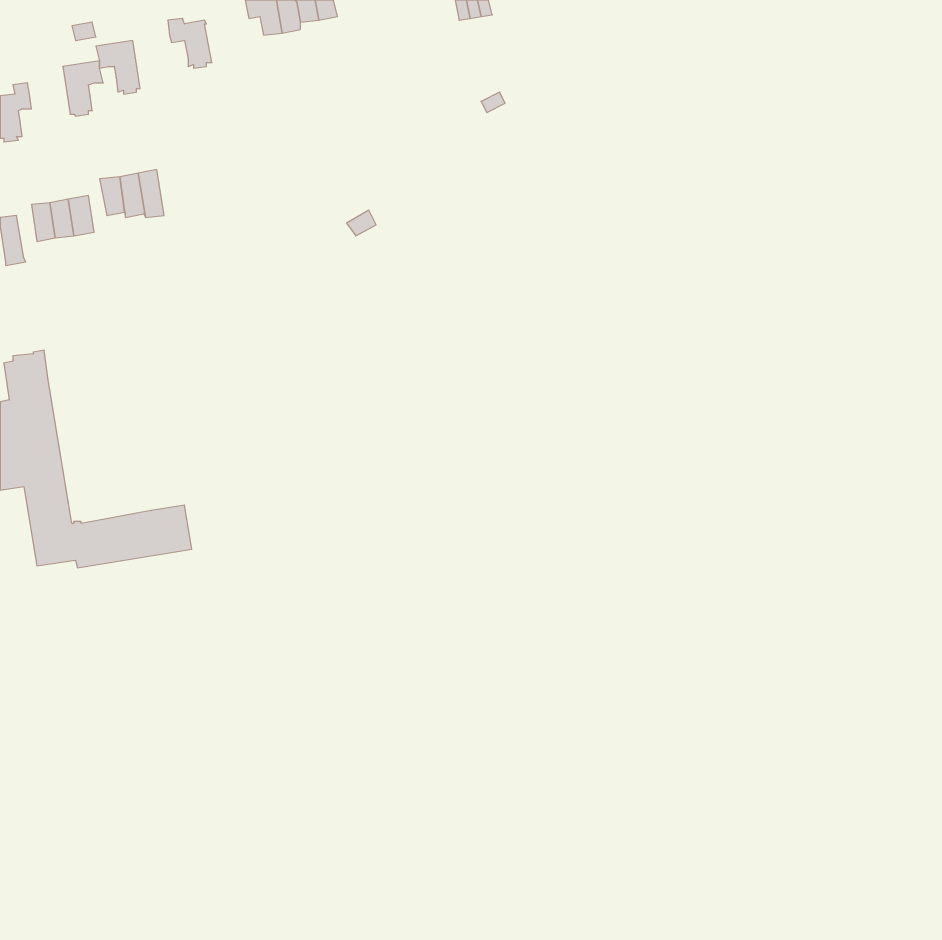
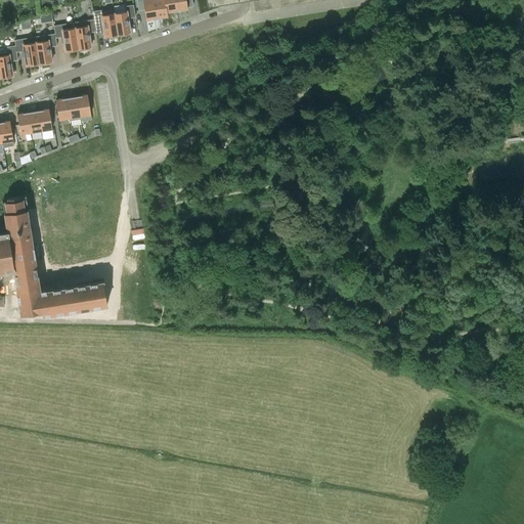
building: none -> [114,6,135,37]
building: none -> [74,20,96,51]
building: none -> [14,38,39,68]

